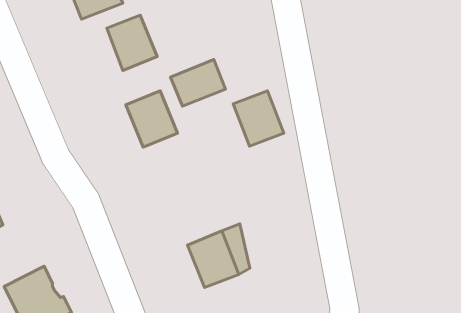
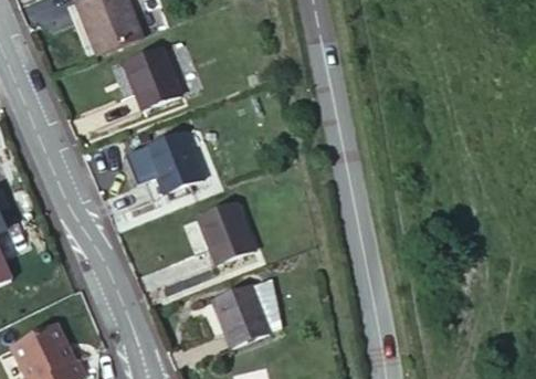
building: [170,59,225,106] -> none
building: [233,91,284,146] -> [198,201,253,262]

